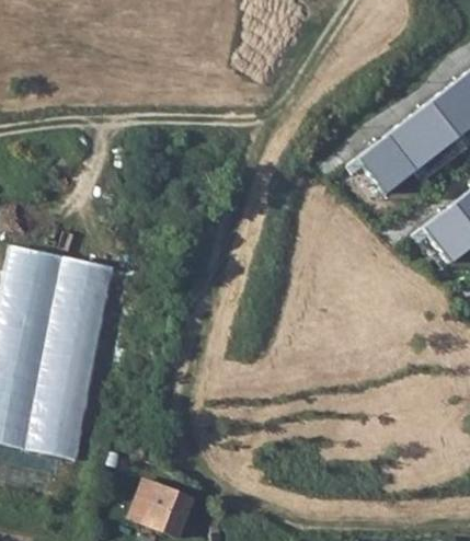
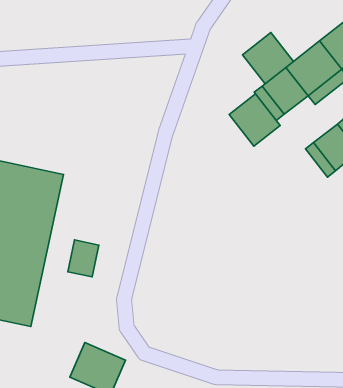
building: none -> [242,32,294,84]
building: none -> [229,94,280,146]
building: none -> [68,240,99,277]

